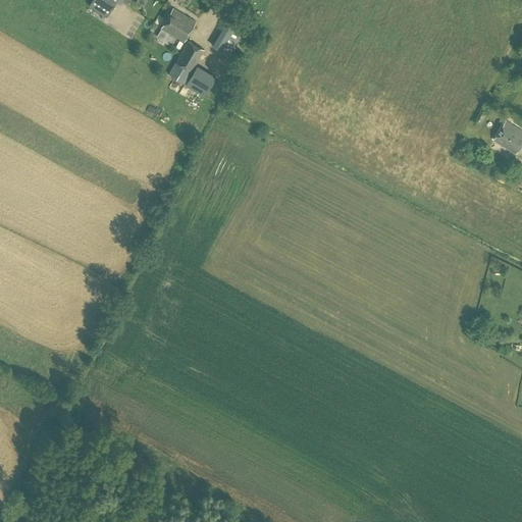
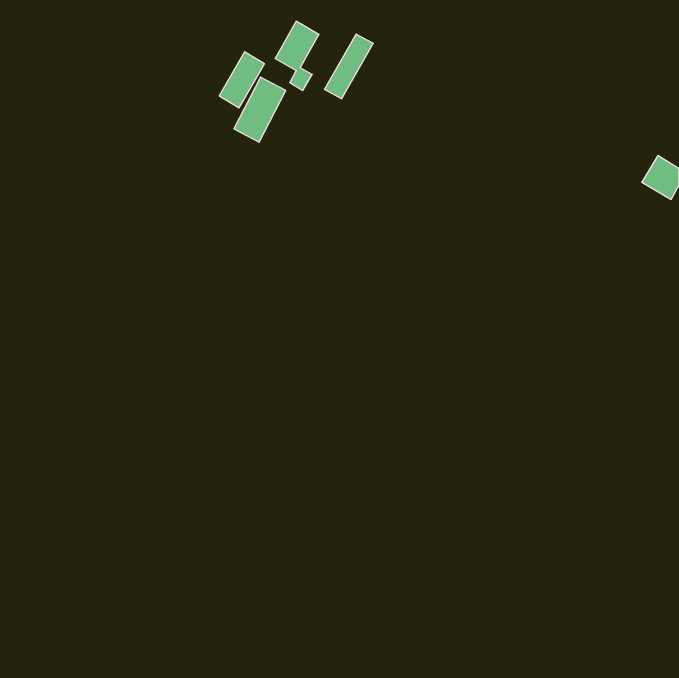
building: [159,7,196,41] -> none
building: none -> [325,34,373,99]

